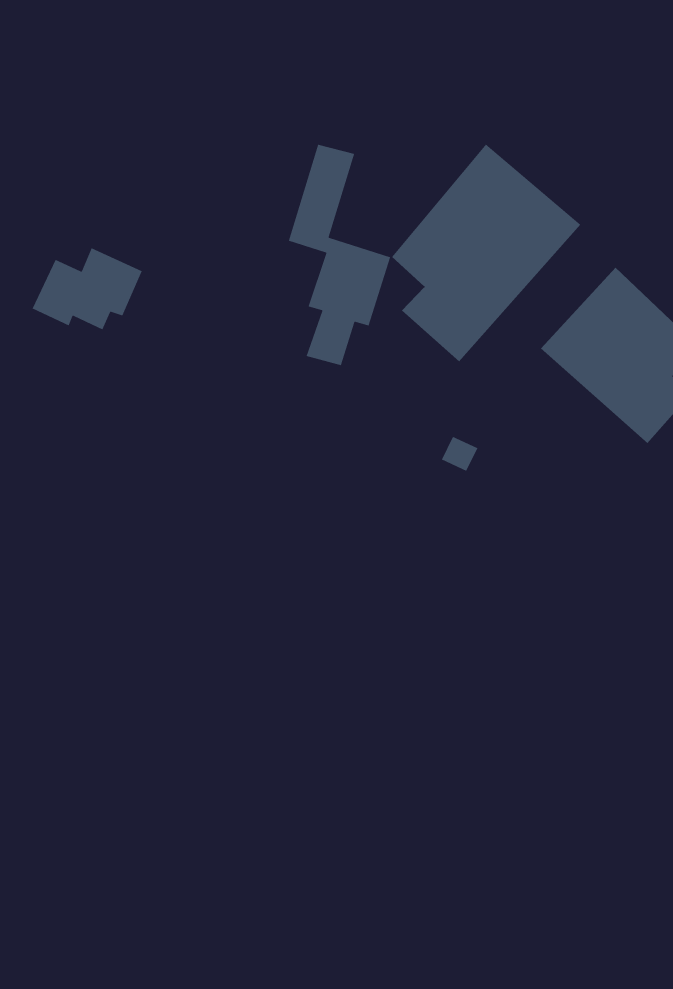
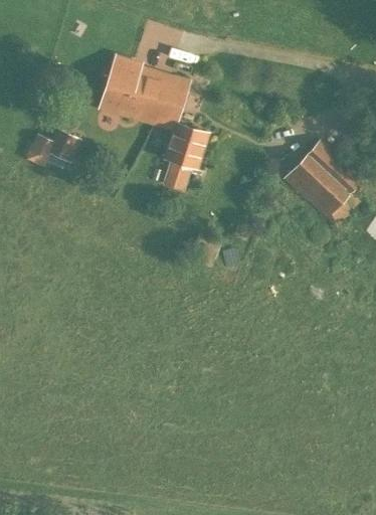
building: none -> [100,56,170,125]
building: [391,144,581,362] -> none

